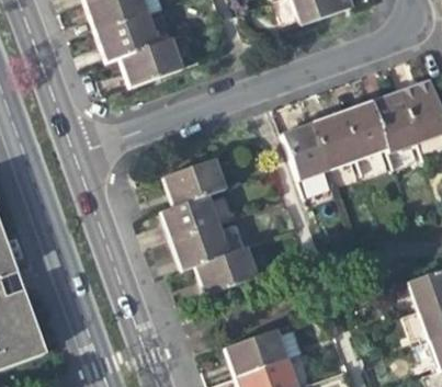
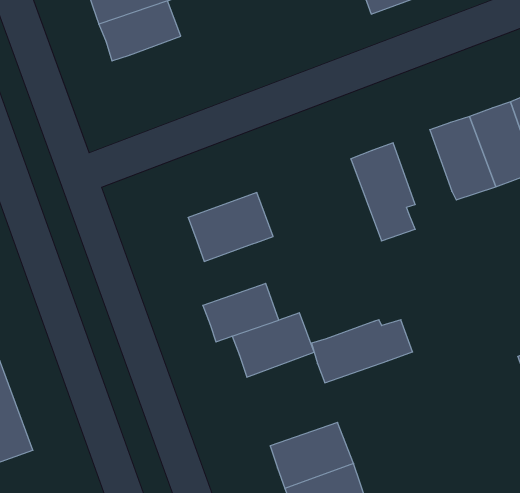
building: [120,37,181,86] -> none
building: [317,111,361,167] -> none
building: [165,195,240,242] -> [312,320,413,383]

